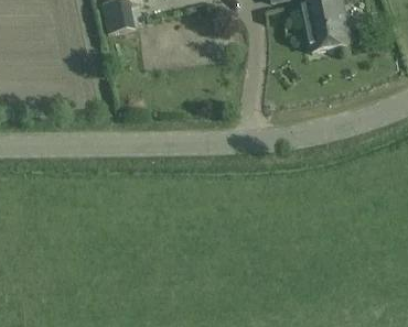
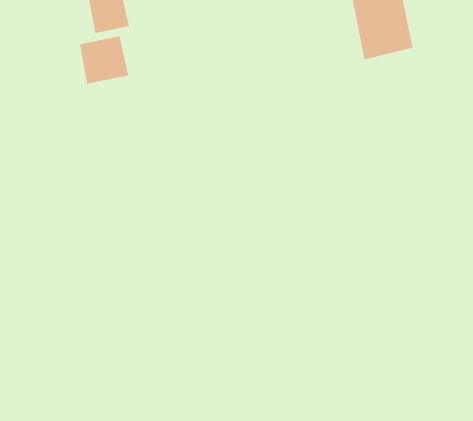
building: none -> [79,36,129,85]

